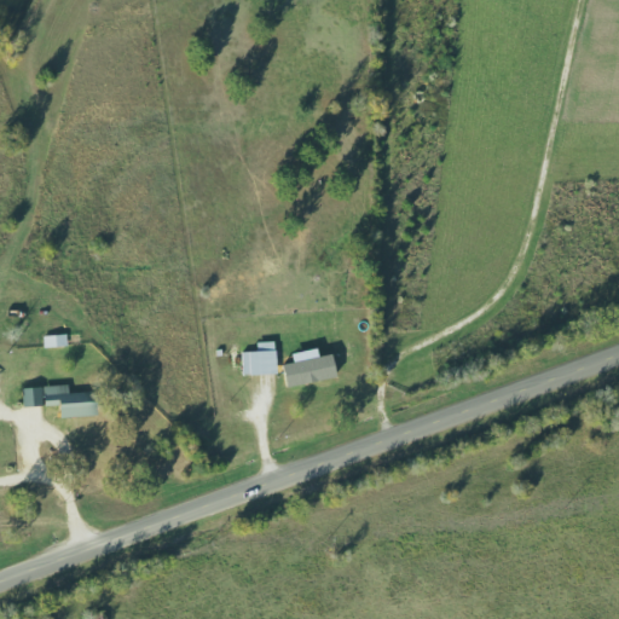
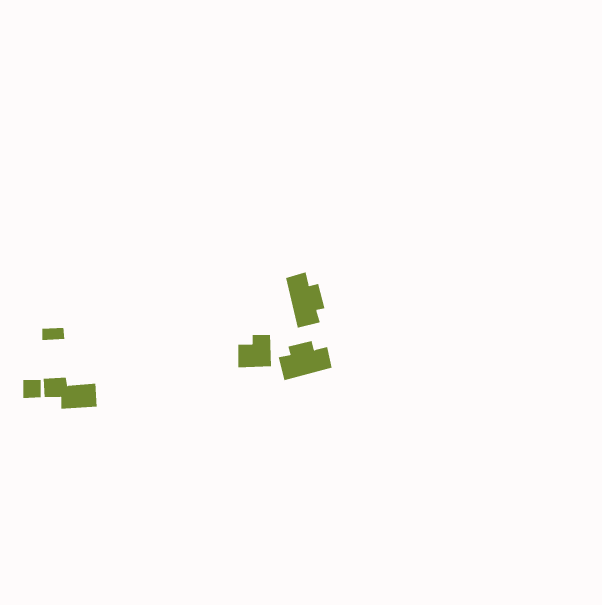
building: none -> [286,272,325,329]

